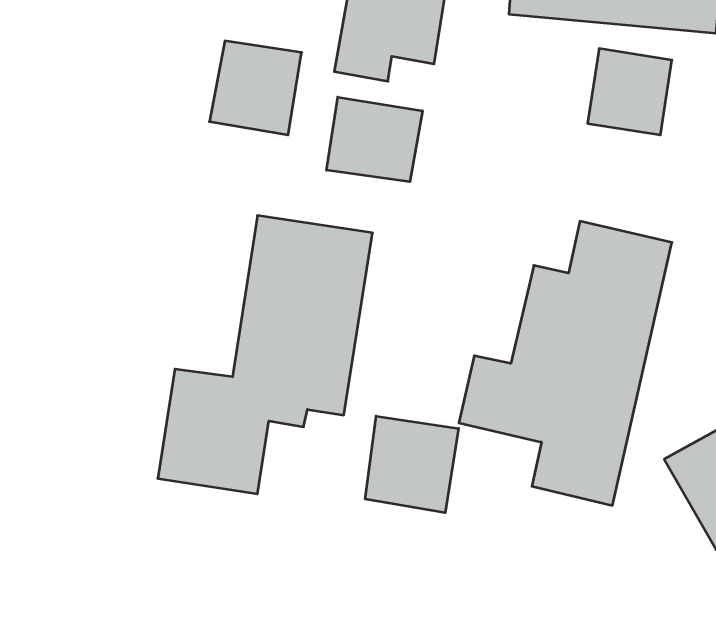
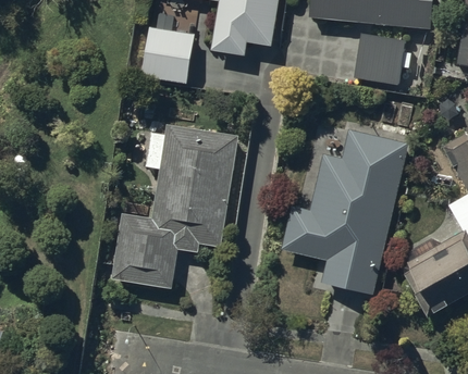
building: [327,97,422,182] -> none
building: [365,416,459,513] -> none

